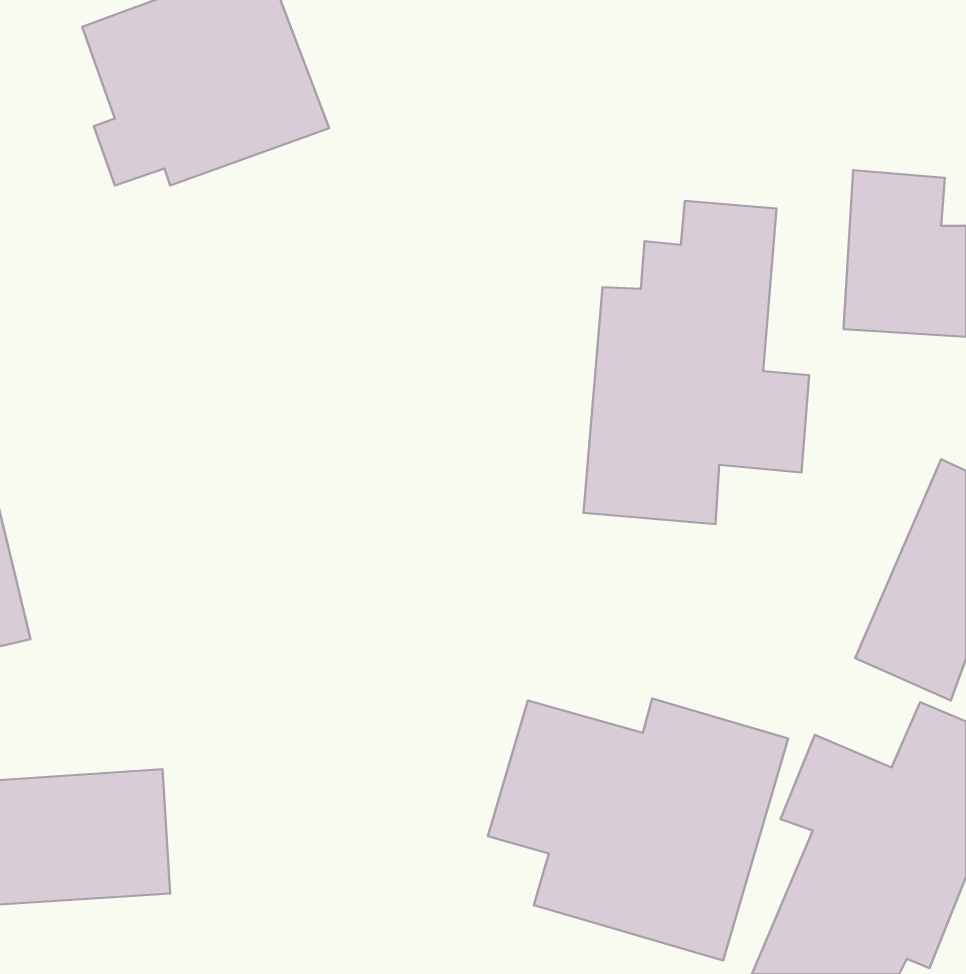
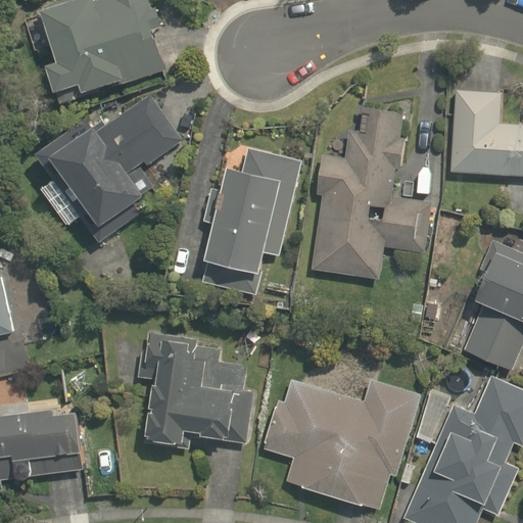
building: none -> [40,95,180,238]
building: none -> [200,145,297,277]
building: none -> [132,328,254,455]

